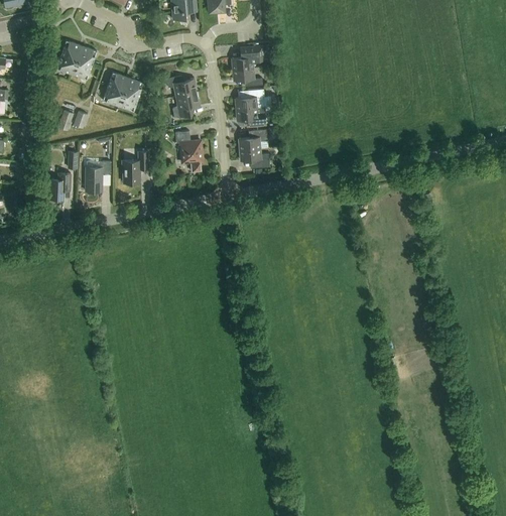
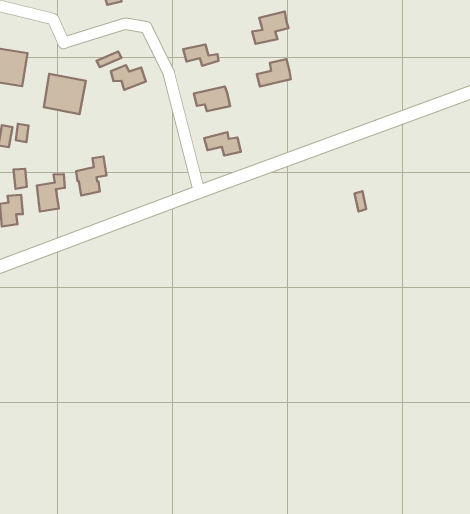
building: [232,44,264,69] -> [252,11,289,44]
building: [235,89,264,109] -> [257,59,291,86]
building: [172,92,199,116] -> none
building: [238,129,267,149] -> none
building: [175,130,202,171] -> none

